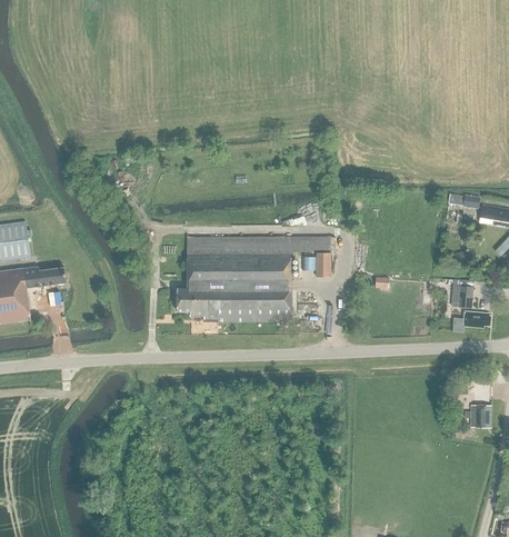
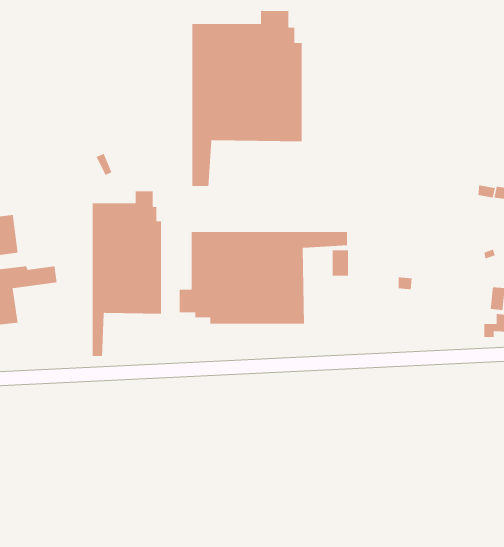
building: none -> [192,10,302,187]
building: none -> [92,191,162,357]

